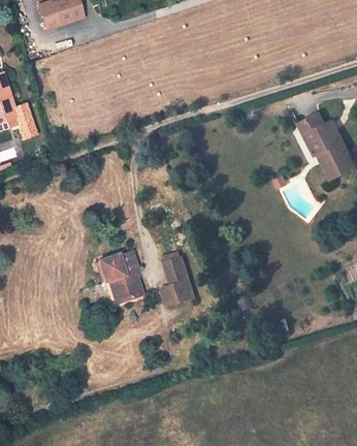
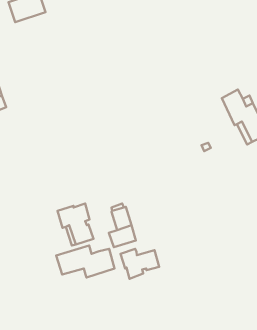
building: none -> [56,246,115,277]
building: none -> [120,249,159,279]

